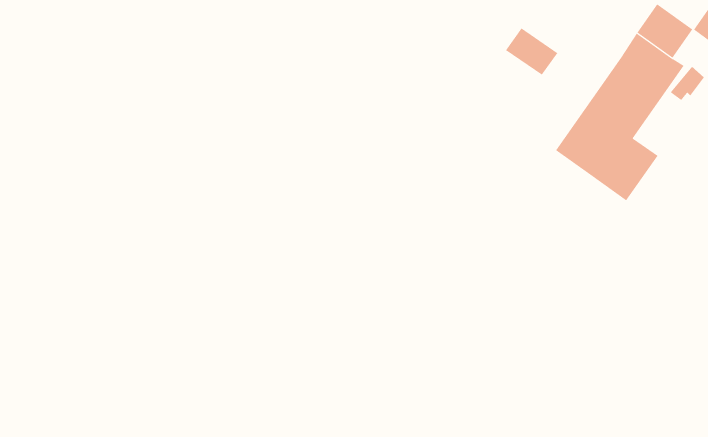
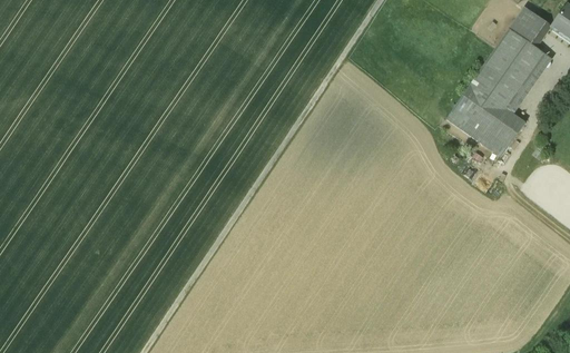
building: [505,27,558,76] -> none

